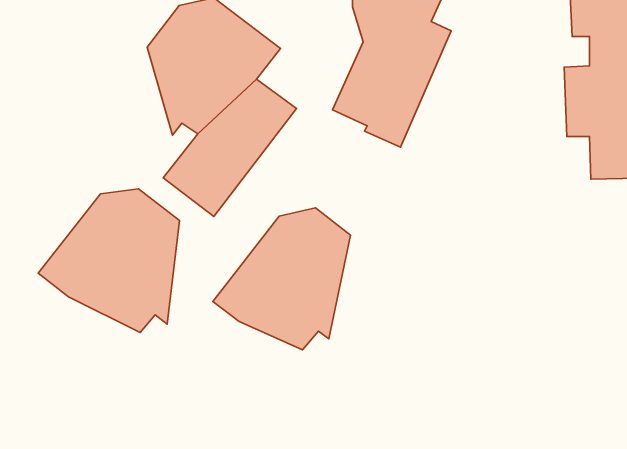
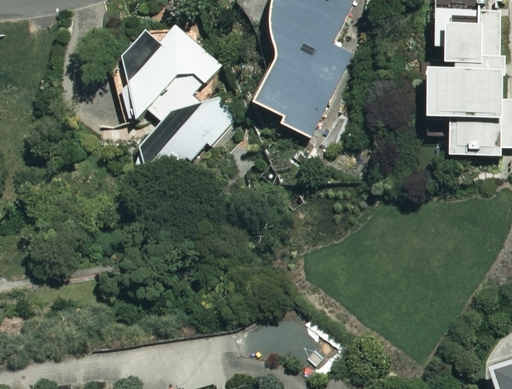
building: [38,189,179,332] -> none
building: [213,208,351,350] -> none

